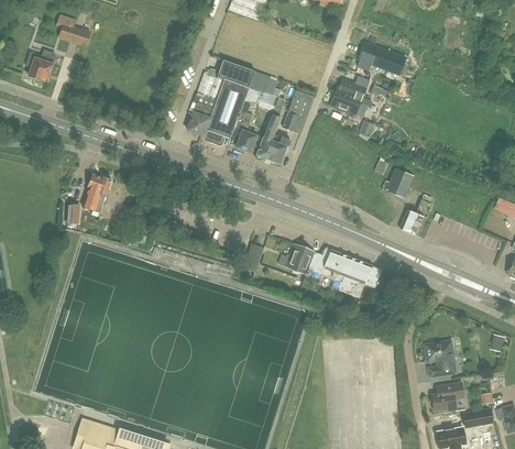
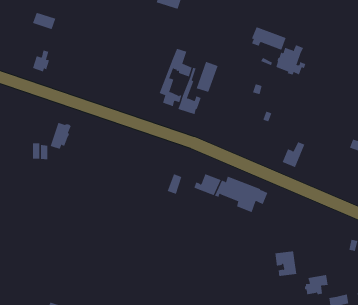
building: [29,50,53,80] -> [32,50,50,72]
building: [187,59,255,141] -> none
building: [330,75,372,117] -> [276,45,306,75]
building: [382,167,414,197] -> none
building: [424,340,454,375] -> [275,251,297,276]

